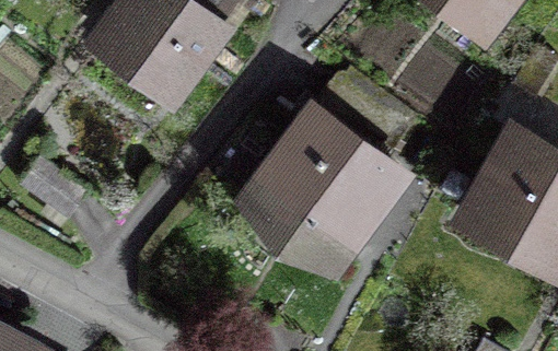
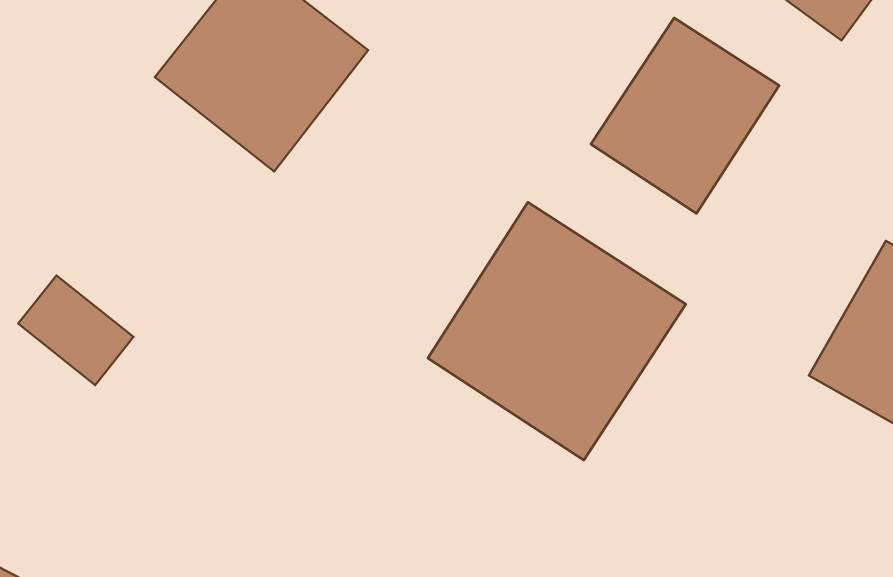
building: none -> [591,18,779,213]

